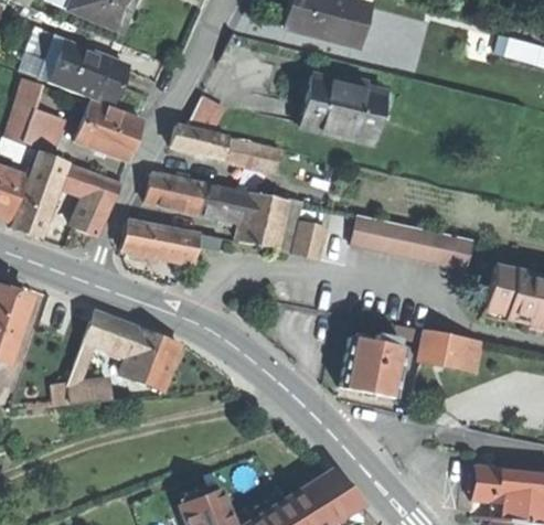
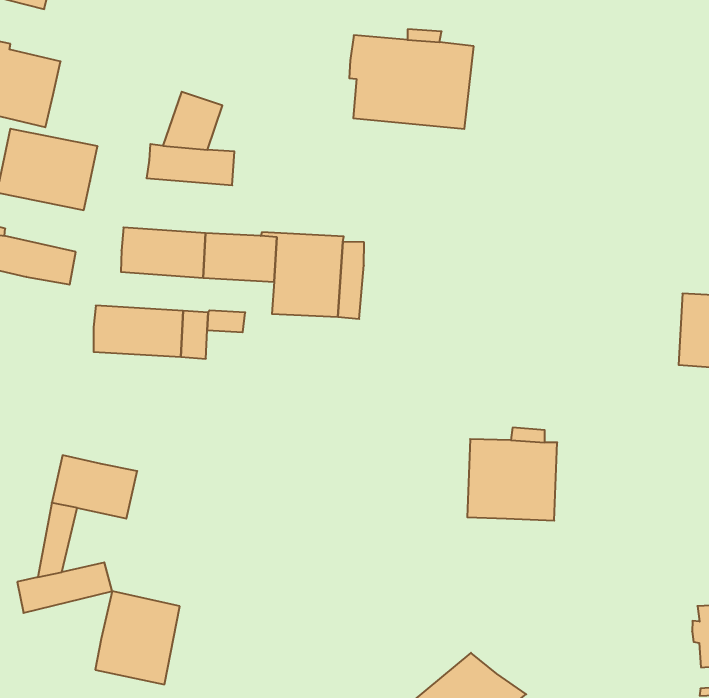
building: [222,137,280,173] -> none
building: [73,196,113,238] -> none
building: [351,214,471,268] -> none
building: [290,219,326,258] -> none
building: [120,328,179,390] -> [95,591,180,684]
building: [417,329,466,367] -> none

